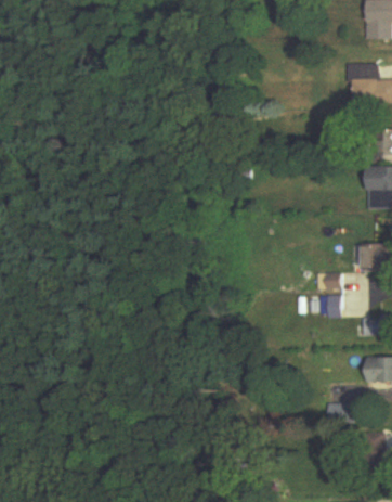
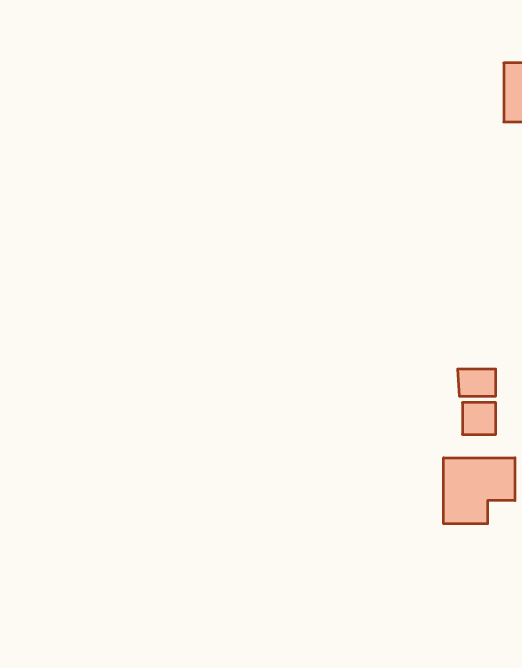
building: none -> [444,458,515,524]

